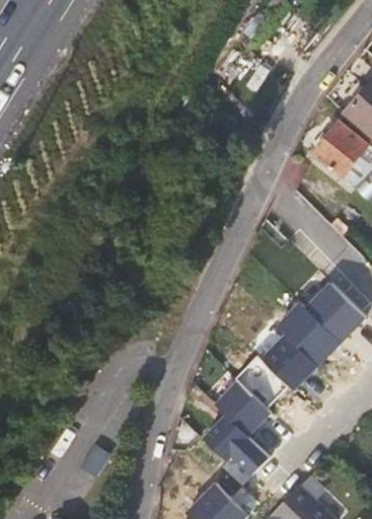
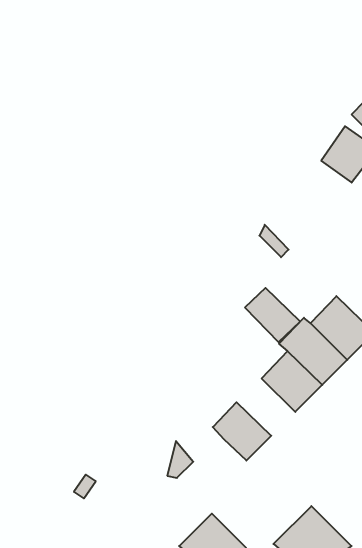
building: [236,357,288,407] -> [245,288,300,342]
building: [203,415,269,475] -> none

